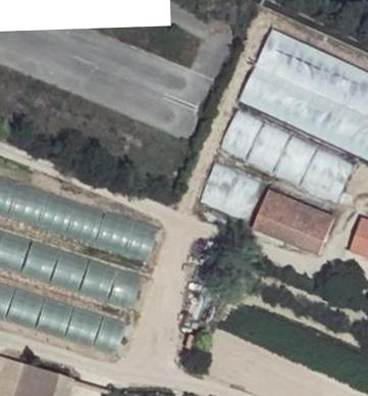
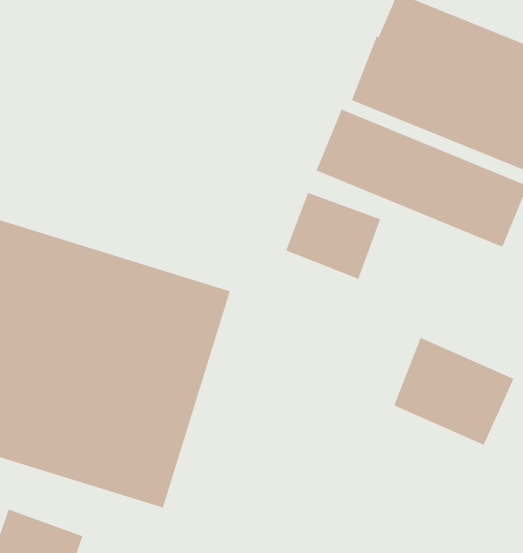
building: [258,189,335,258] -> [393,337,515,446]

